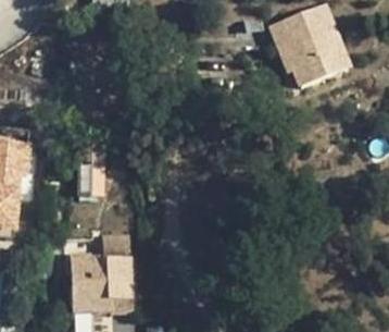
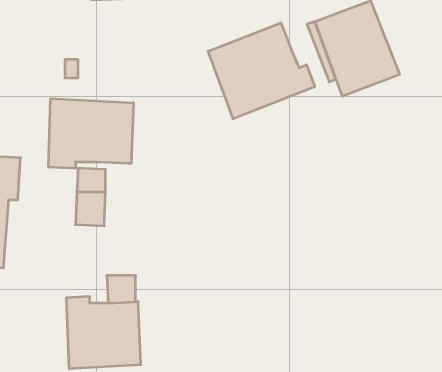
building: none -> [208,23,315,119]
building: none -> [48,99,133,168]

